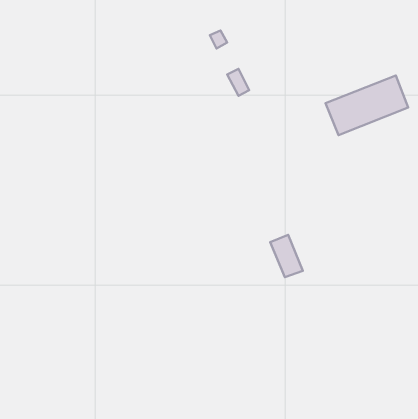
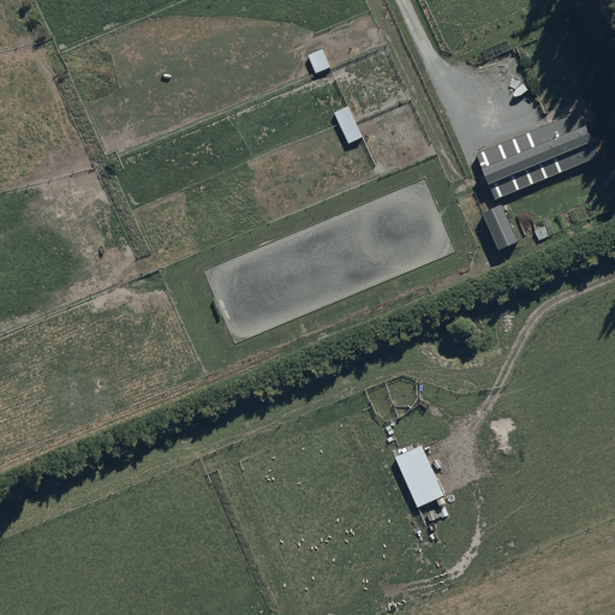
building: none -> [484,209,519,253]
building: [270,235,303,277] -> [395,446,443,508]

